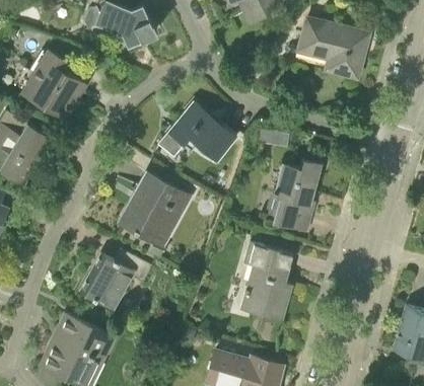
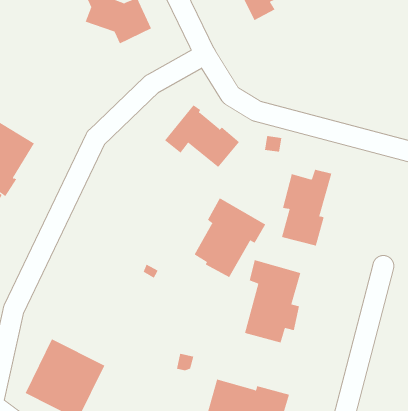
building: [299,18,367,77] -> none
building: [26,51,85,115] -> none
building: [123,172,189,245] -> [194,198,266,278]
building: [80,250,151,311] -> none

